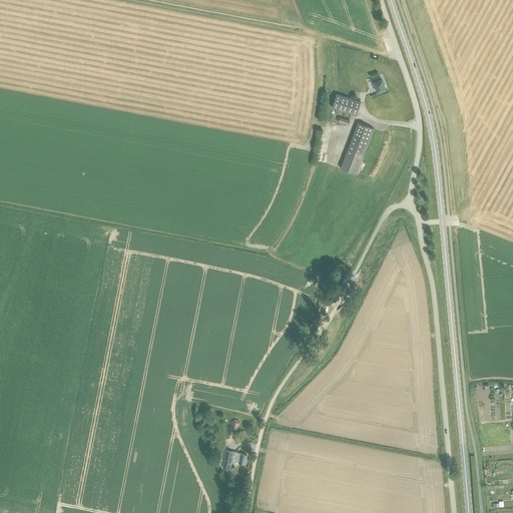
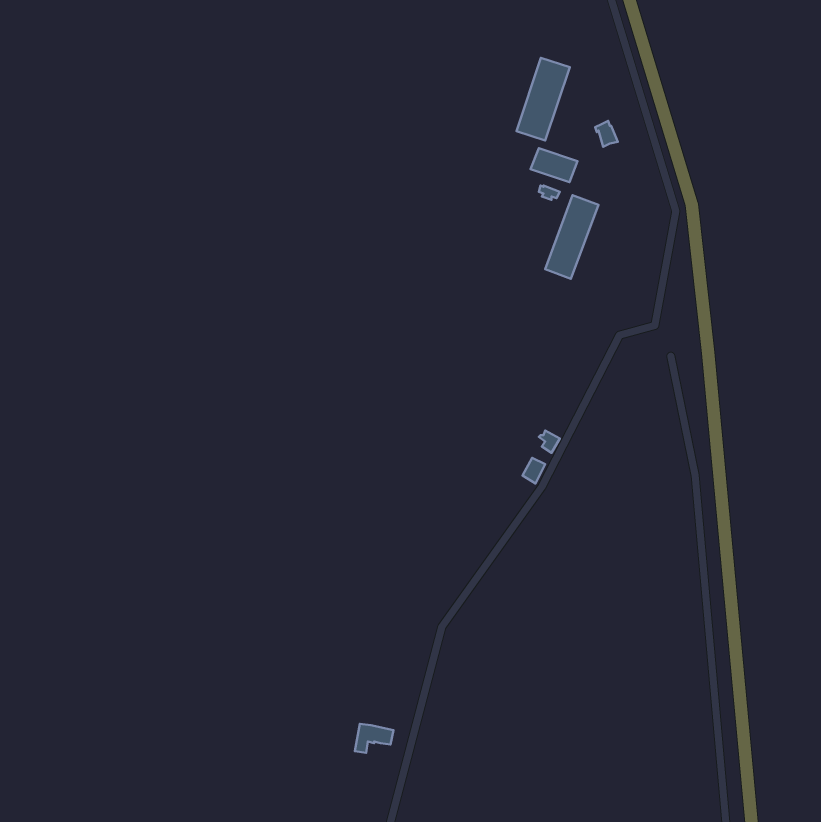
building: none -> [517,58,570,141]

